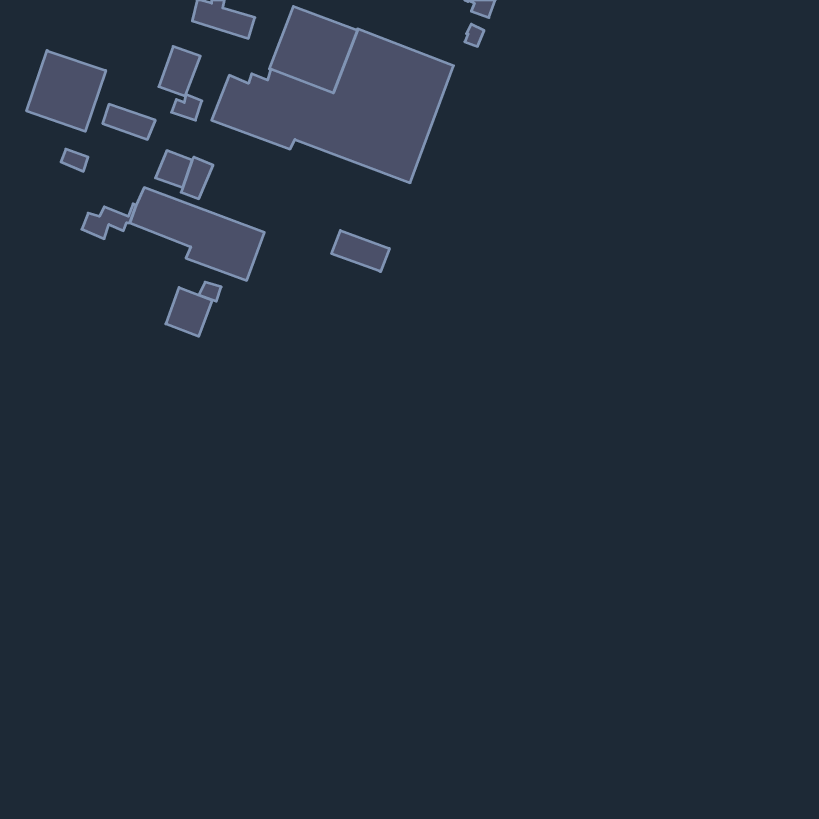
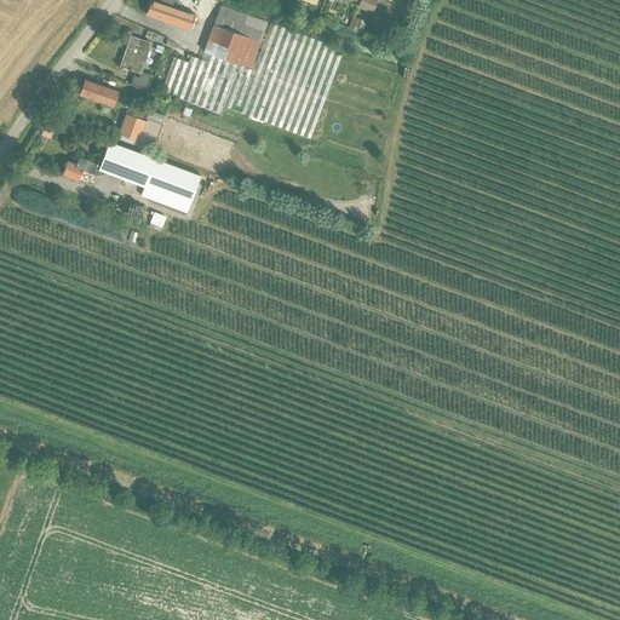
building: [27,50,106,131] -> none
building: [332,230,389,272] -> none
building: [166,287,212,336] -> none

